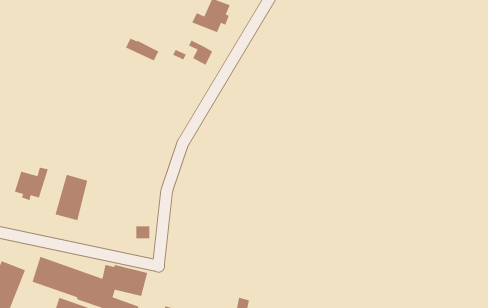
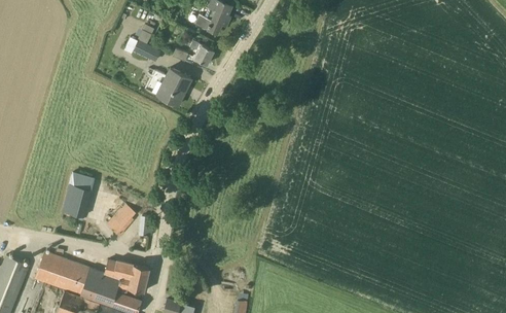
building: none -> [146,68,191,106]
building: [14,167,49,201] -> none
building: none -> [106,205,135,237]

